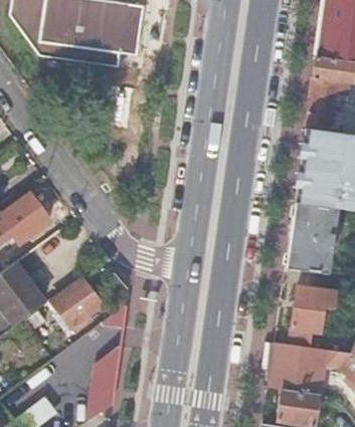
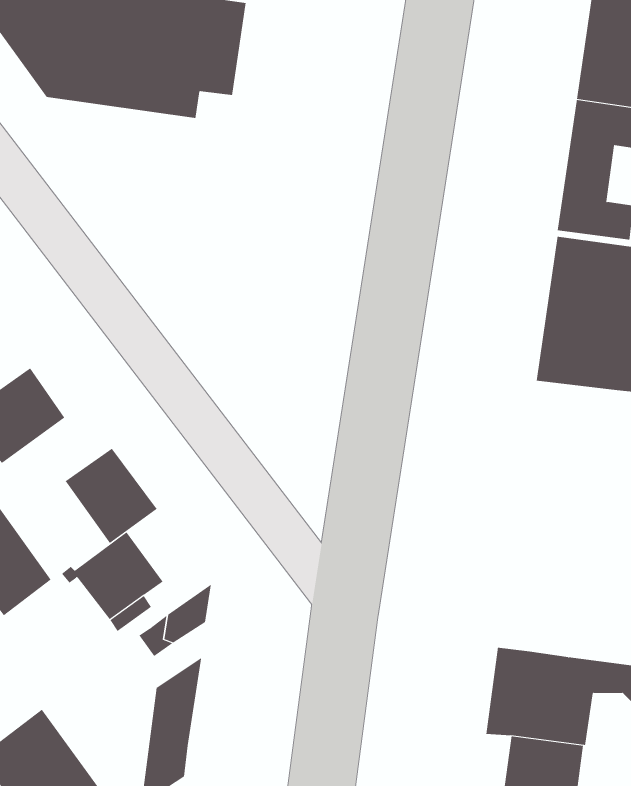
building: [286,201,337,270] -> none
building: none -> [65,448,157,544]
building: [292,284,338,345] -> none

